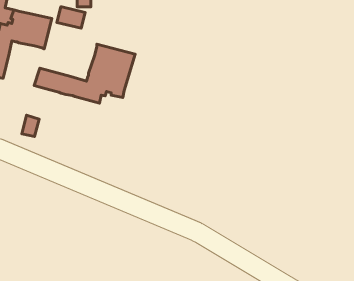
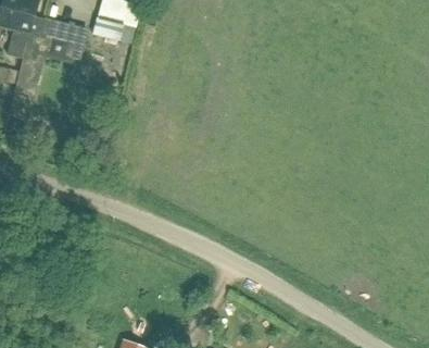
building: [34,44,135,103] -> none

